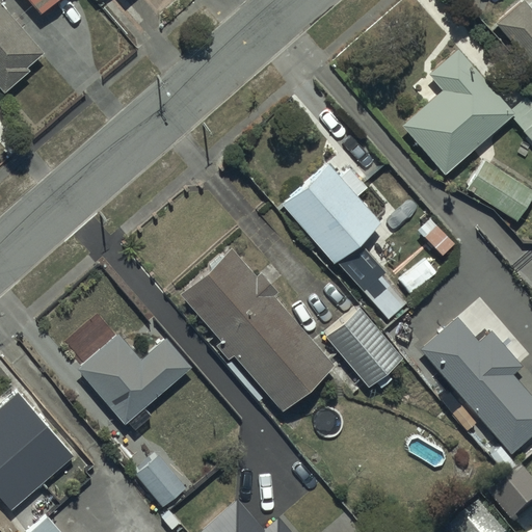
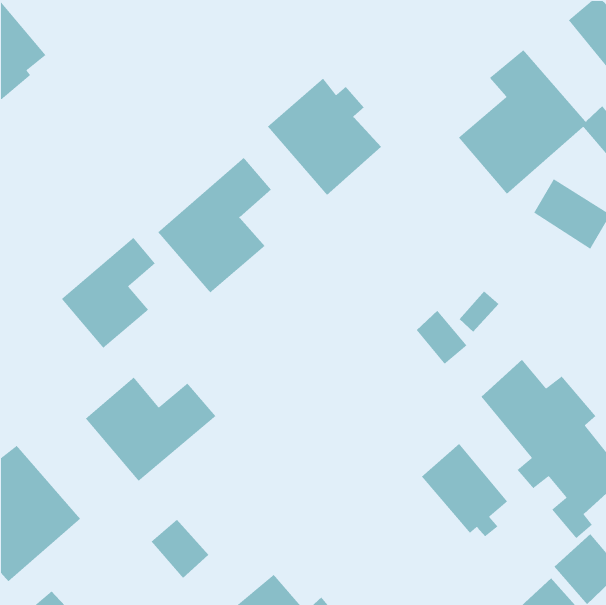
building: none -> [157,157,272,294]
building: [282,161,381,264] -> [267,78,382,196]
building: none -> [61,237,156,349]
building: [178,246,334,409] -> none
building: [326,308,402,390] -> [421,443,508,537]

